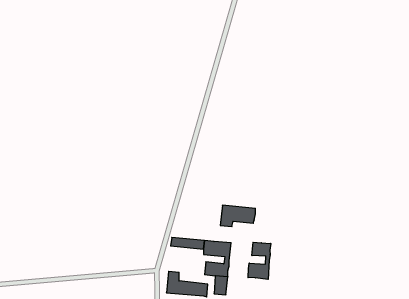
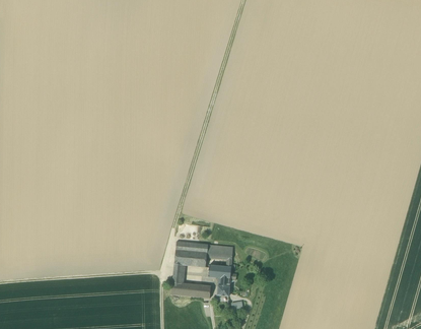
building: [220,205,255,227] -> [174,250,208,270]
building: [248,242,271,279] -> none

